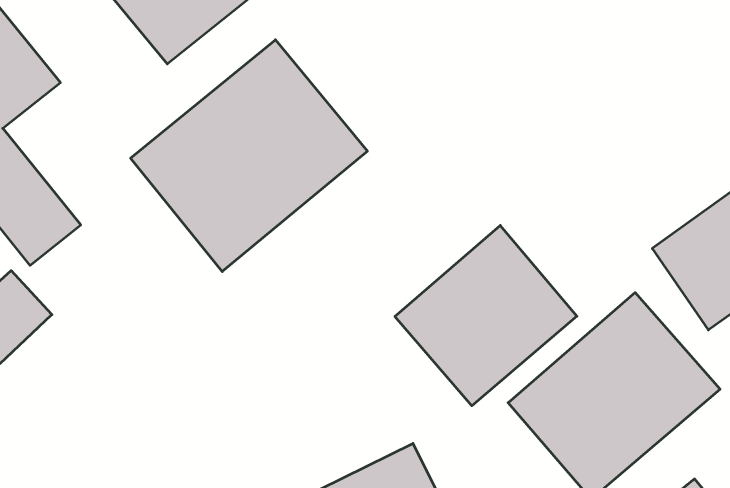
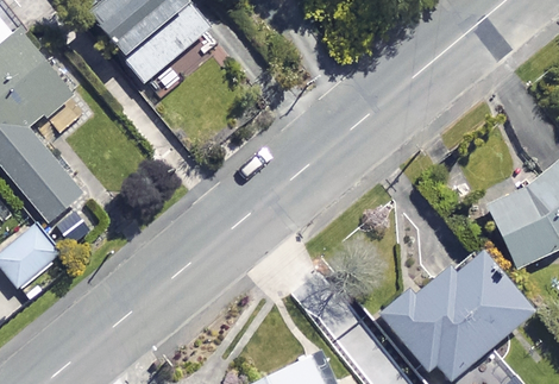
building: [131,40,367,272] -> none
building: [395,225,577,406] -> none

